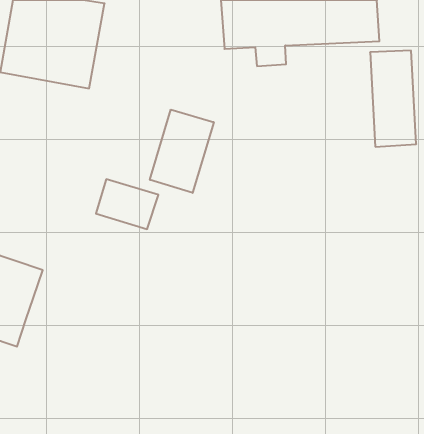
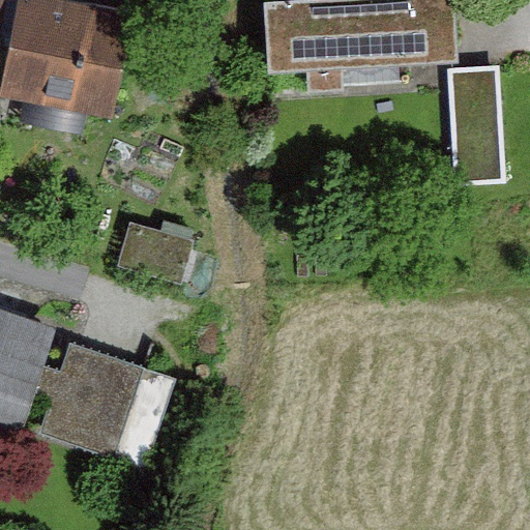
building: [150,110,214,193] -> none
building: none -> [31,342,174,475]

